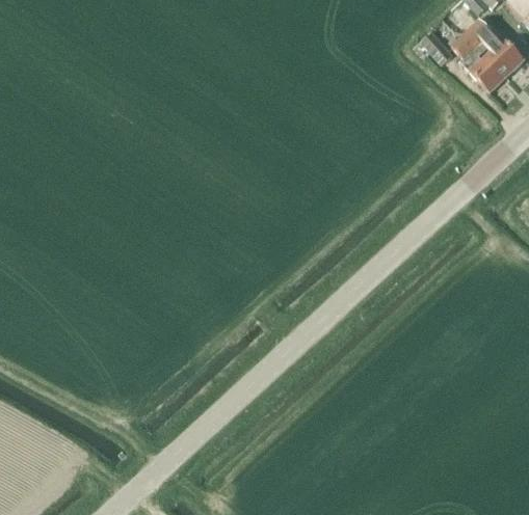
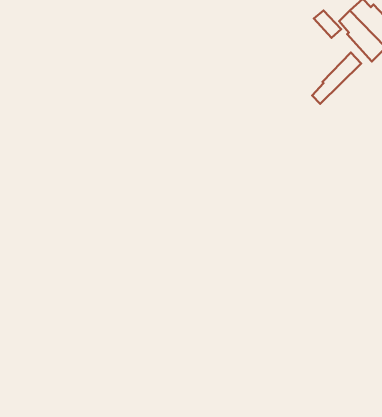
building: none -> [312,53,361,104]

